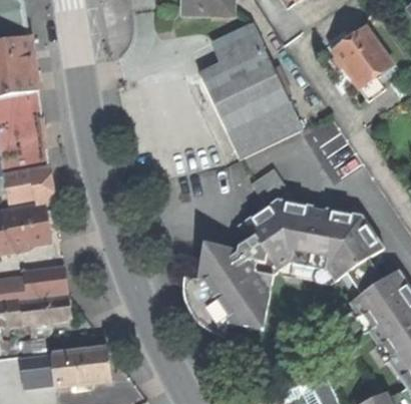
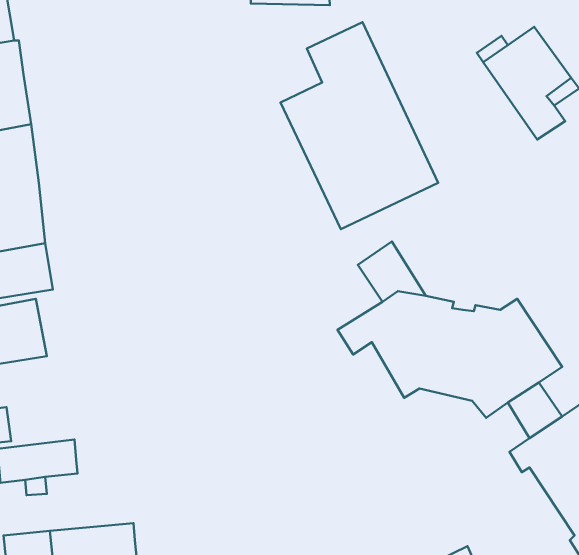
building: [184,233,281,338] -> none
building: [23,268,66,297] -> none

